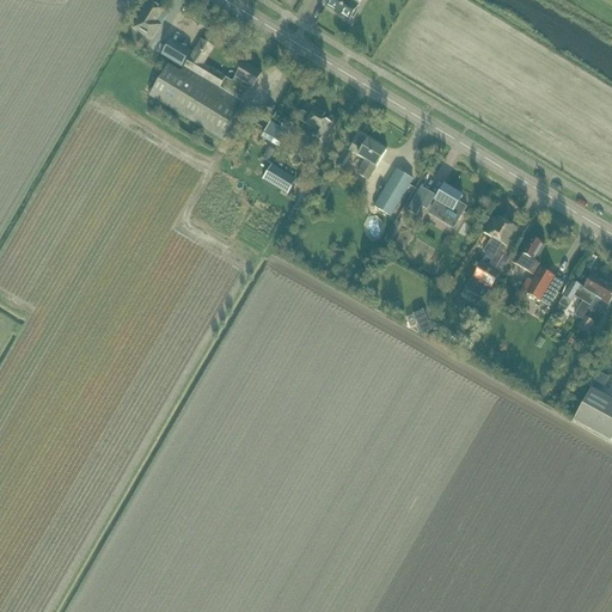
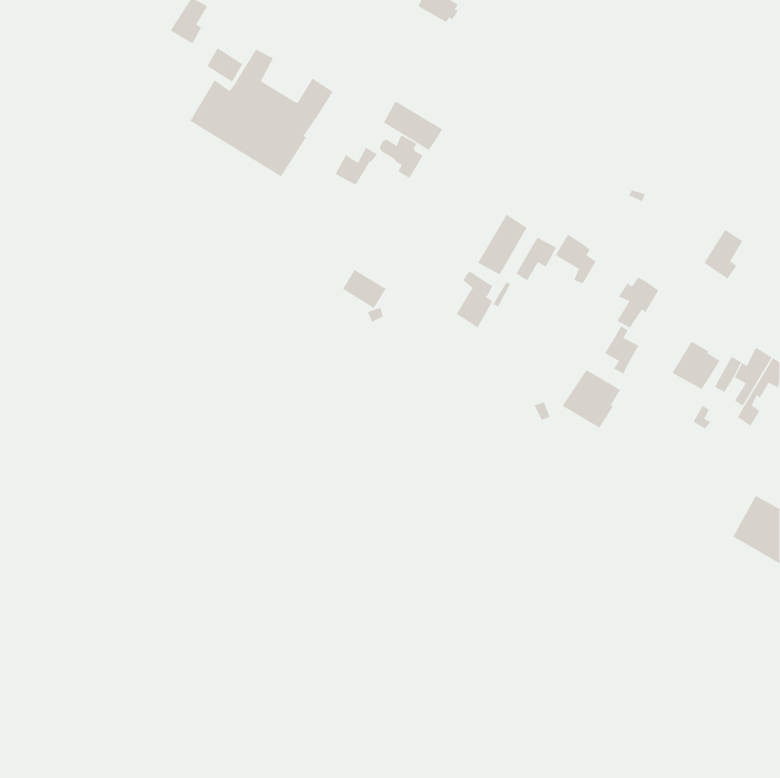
building: none -> [383,100,443,151]
building: [349,137,386,178] -> none
building: [262,163,296,194] -> [342,269,386,309]
building: none -> [456,271,493,328]
building: [513,234,544,274] -> [704,229,743,280]
building: none -> [562,369,621,429]

